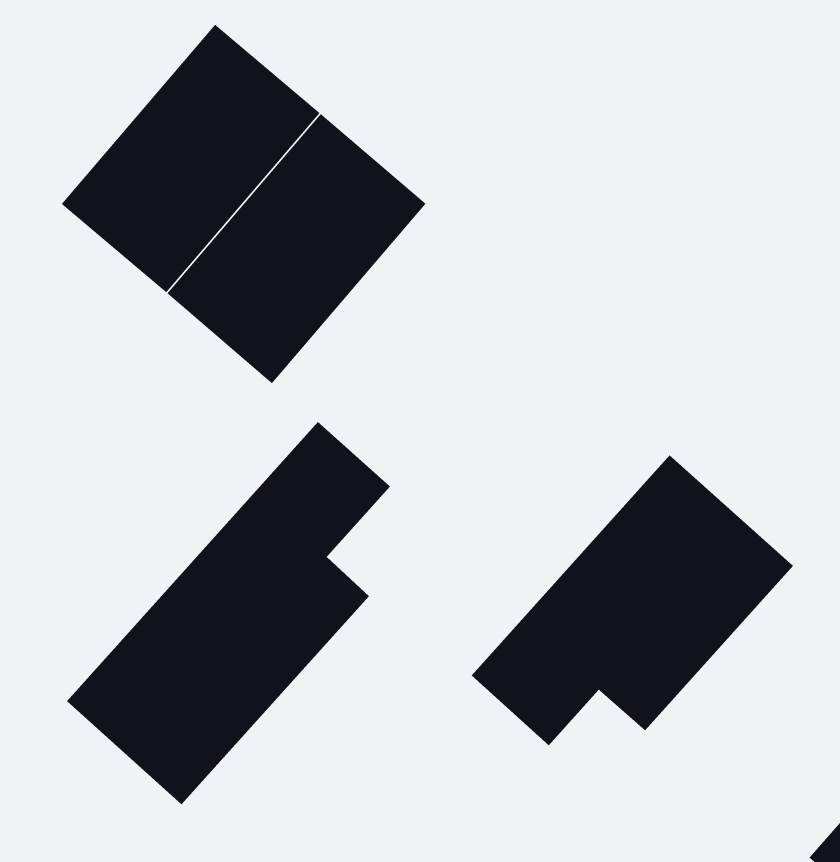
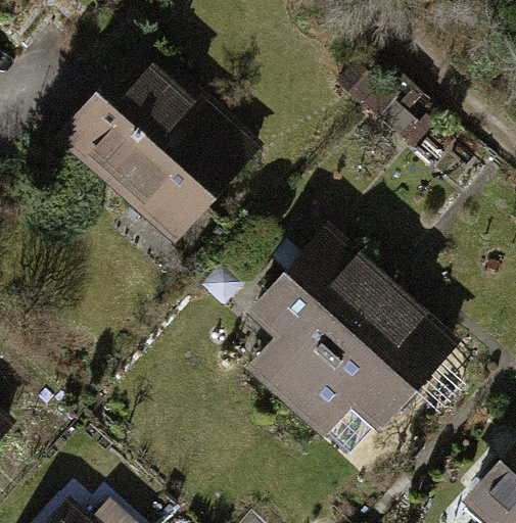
building: none -> [243,226,391,403]
building: [66,421,391,805] -> none

